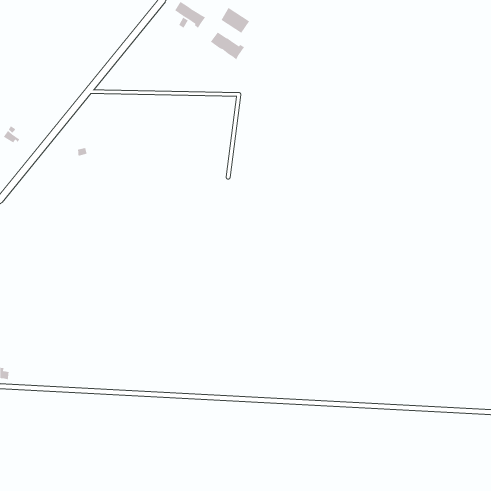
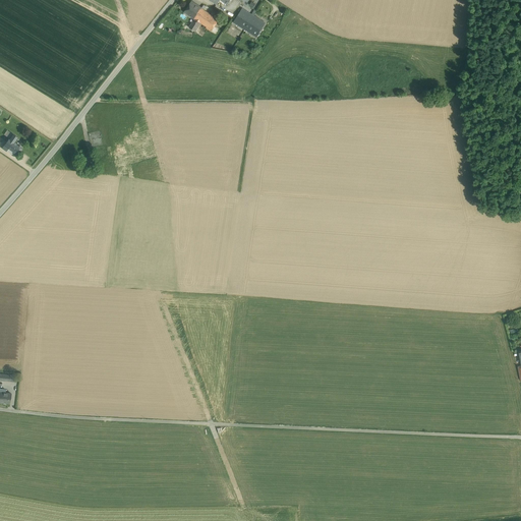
building: [210,31,245,60] -> none

